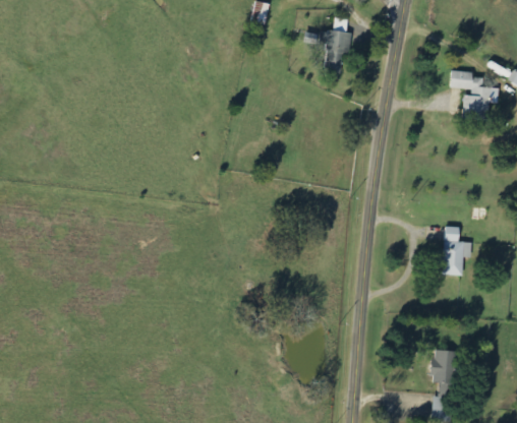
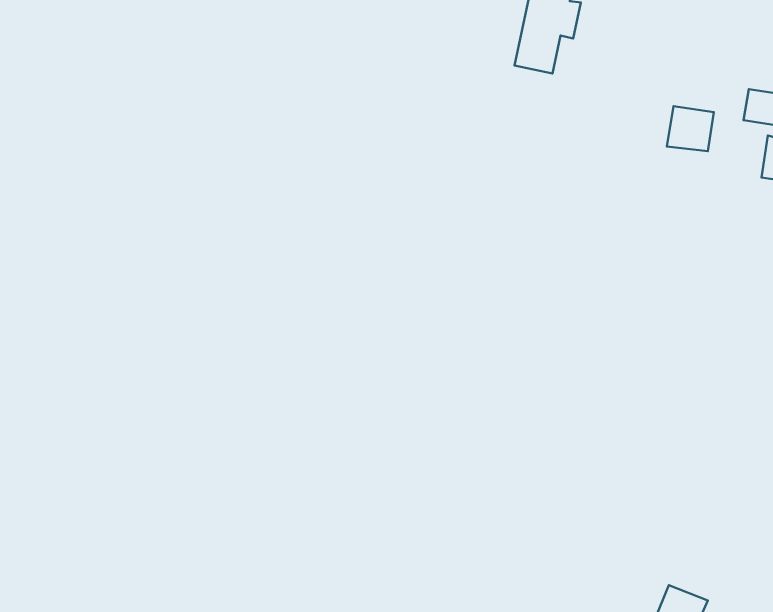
building: none -> [667,106,714,151]
building: [442,227,472,276] -> none

